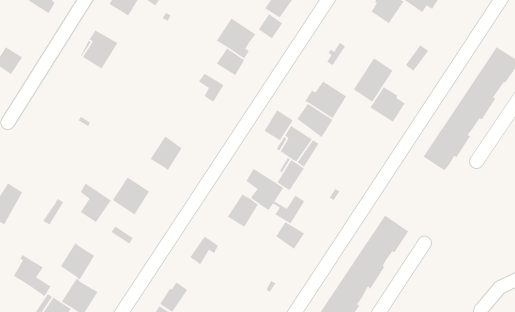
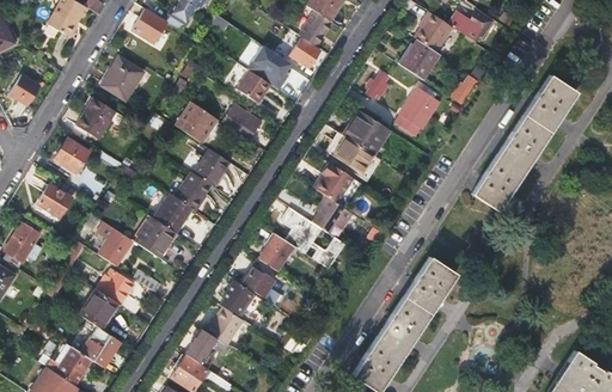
building: none -> [398,39,440,79]
building: none -> [76,98,116,139]
building: none -> [176,102,218,142]
building: [369,86,406,123] -> none
building: none -> [54,137,90,173]
building: [264,109,294,141] -> none
building: none -> [195,148,232,186]
building: none -> [37,178,79,218]
building: none -> [154,192,191,232]
building: [275,221,305,250] -> [244,265,276,296]
building: [13,254,52,297] -> [102,268,143,314]
building: none -> [206,307,244,345]

